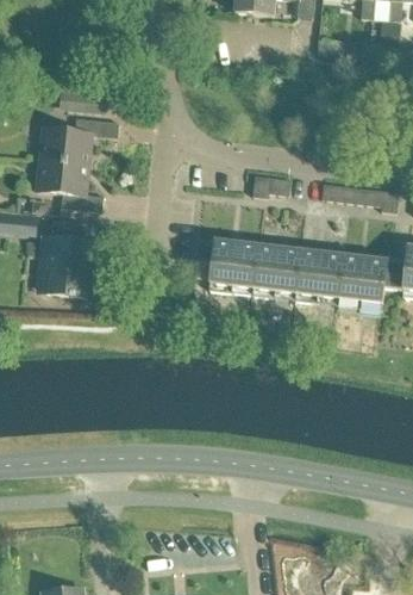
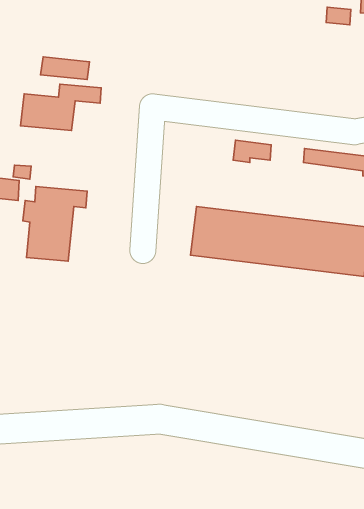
building: [36,156,105,207] -> none

